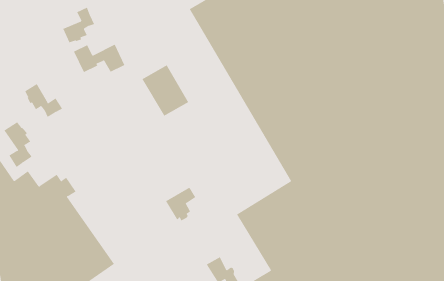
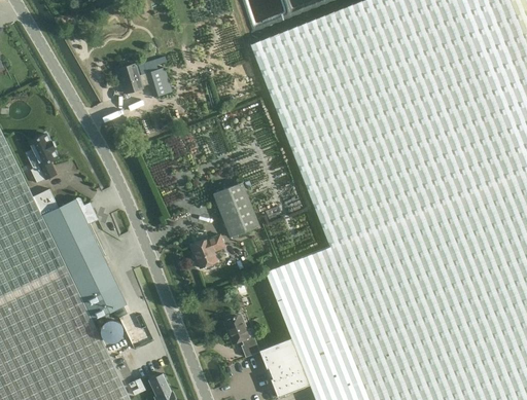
building: [62,7,95,43] -> none
building: [142,65,189,117] -> [213,182,260,238]
building: [24,83,63,118] -> none

